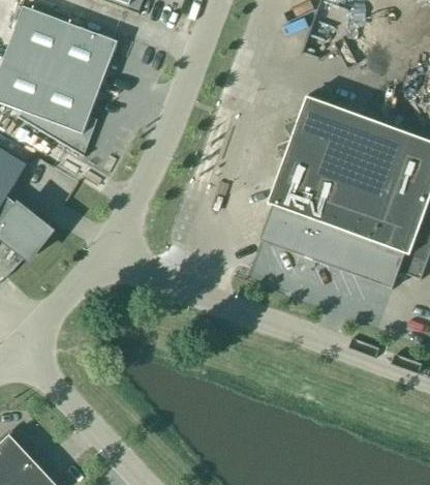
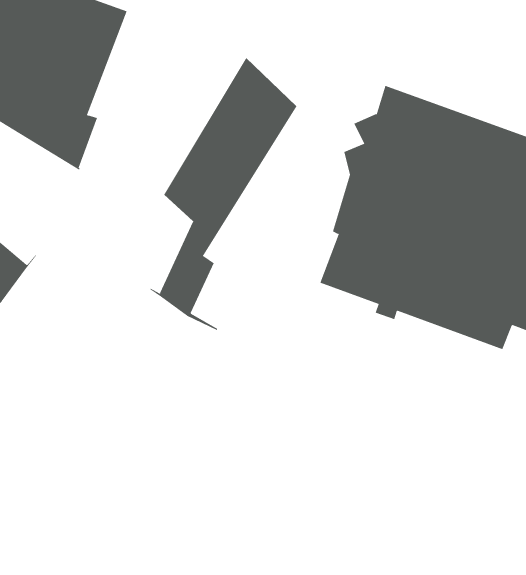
building: none -> [150,57,297,331]

